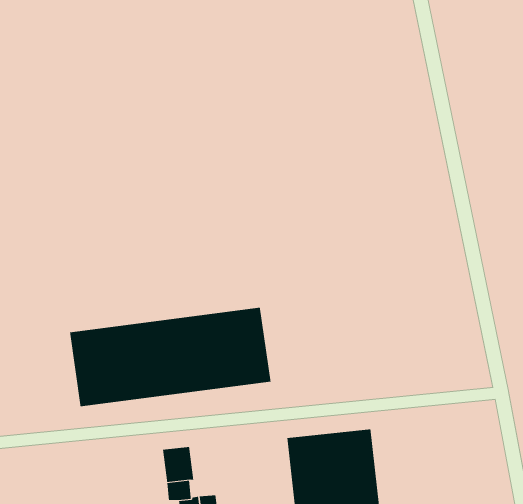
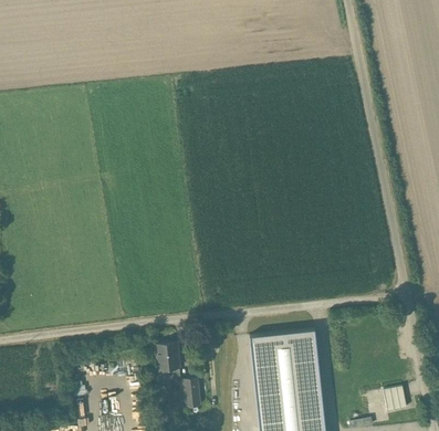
building: [70,307,271,407] -> none

